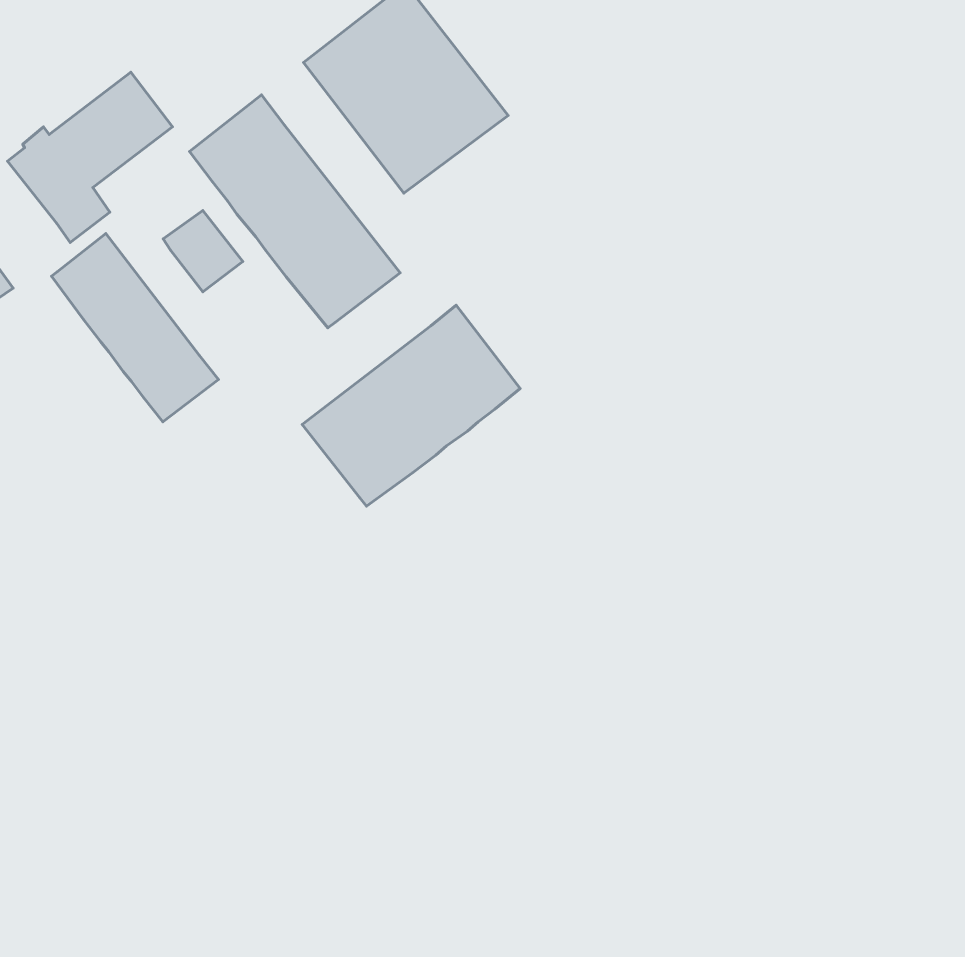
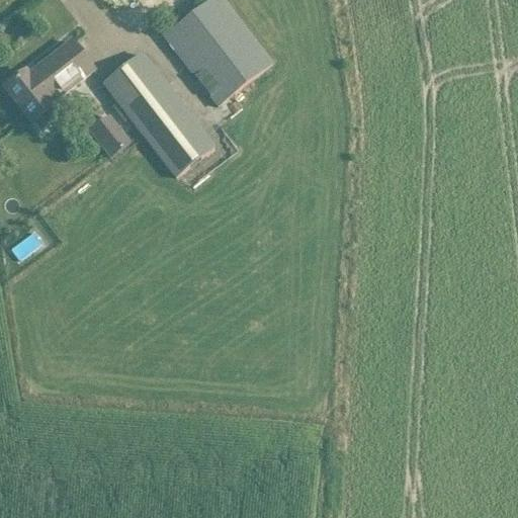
building: [52,234,219,422] -> none
building: [302,305,520,506] -> none

